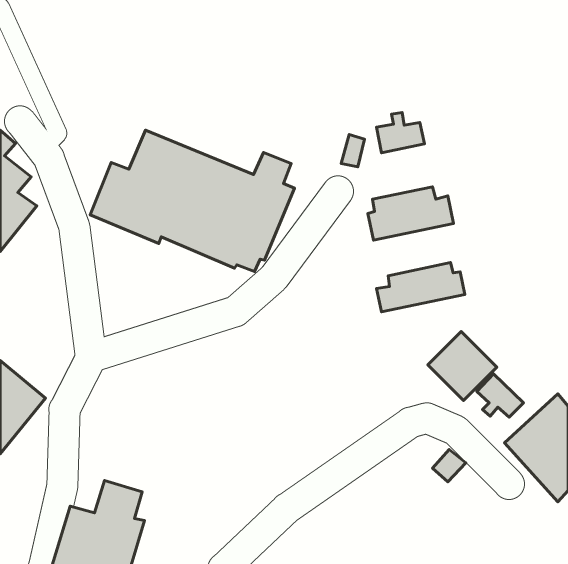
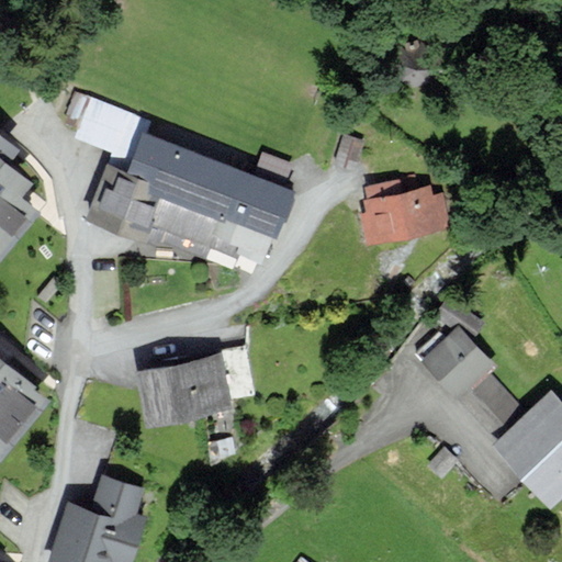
building: none -> [69,95,133,154]
building: [376,113,425,153] -> none
building: [376,263,465,312] -> none
building: none -> [139,357,227,422]

